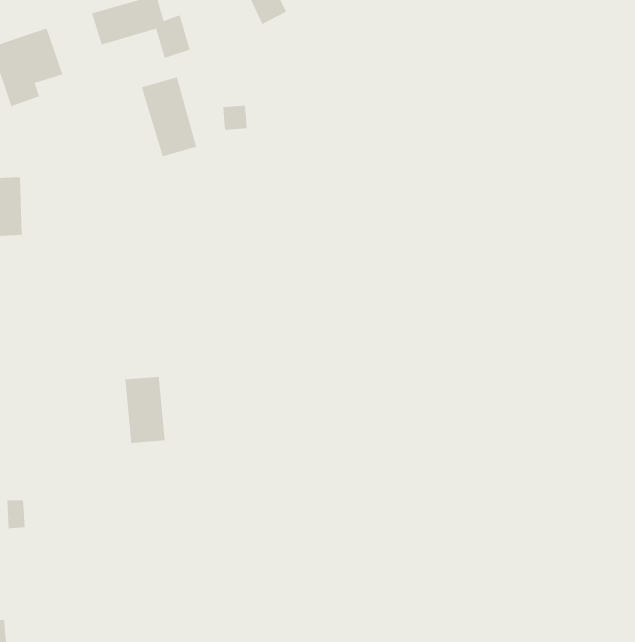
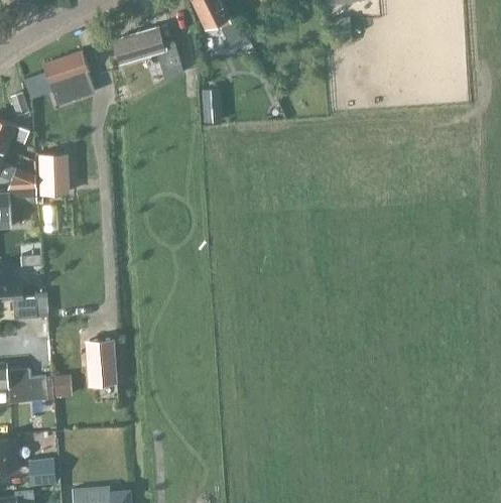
building: [141,77,197,157] -> none
building: [125,376,166,444] -> [89,340,117,386]

